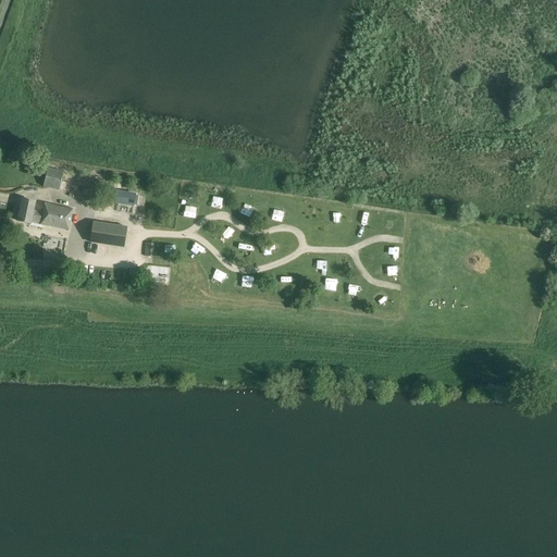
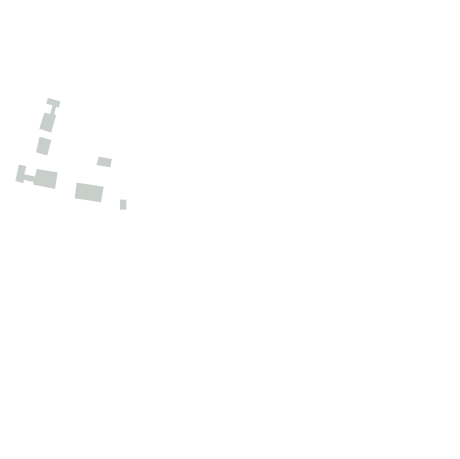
building: none -> [39,97,61,133]

